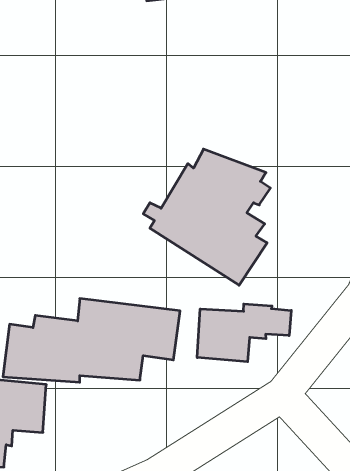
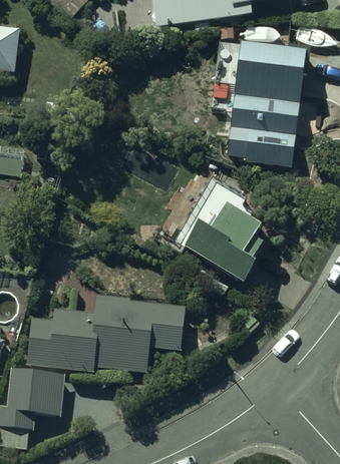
building: none -> [212,42,305,164]
building: [197,304,291,362] -> none

